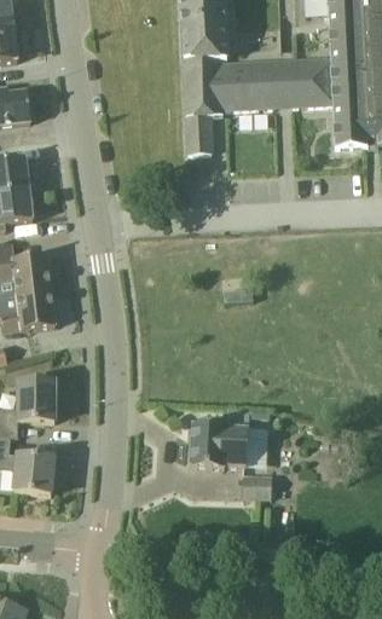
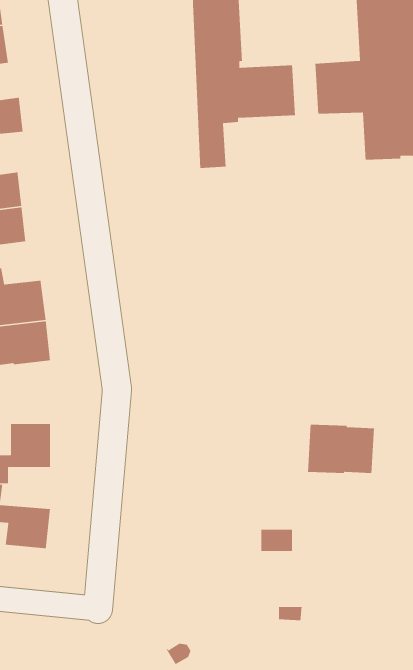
building: [190,422,250,467] -> [307,424,375,474]

